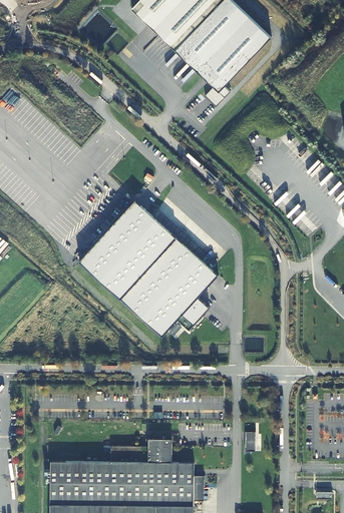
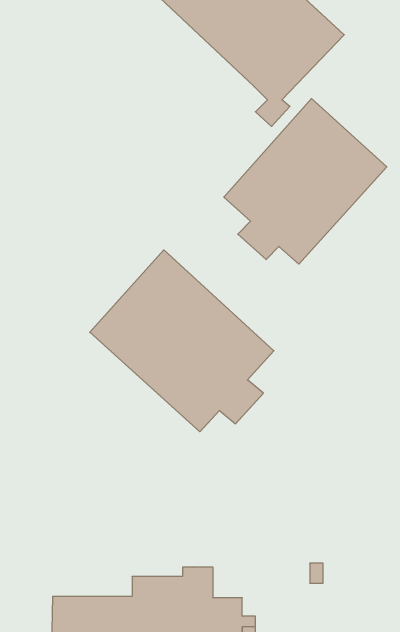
building: none -> [224,99,387,264]

